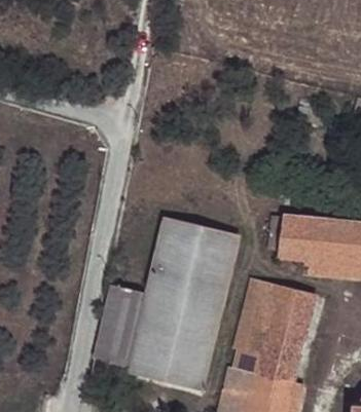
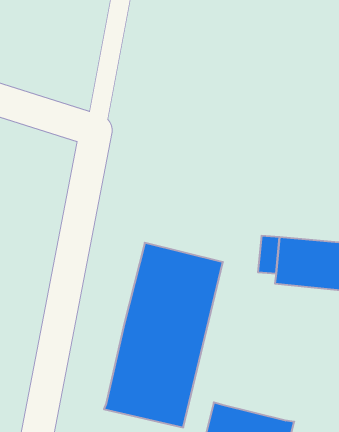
building: [234,278,317,385] -> none
building: [96,290,147,370] -> none

